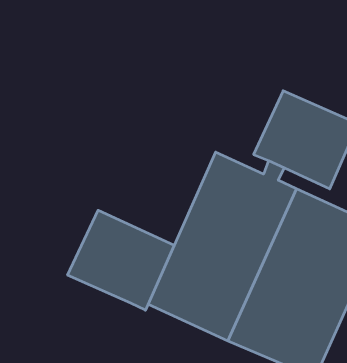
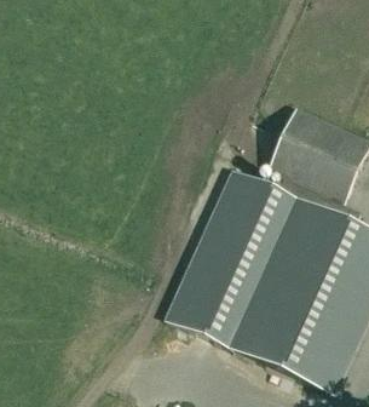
building: [68,210,174,310] -> none

